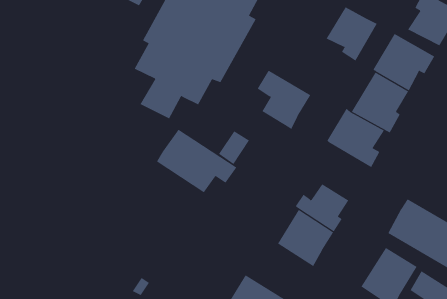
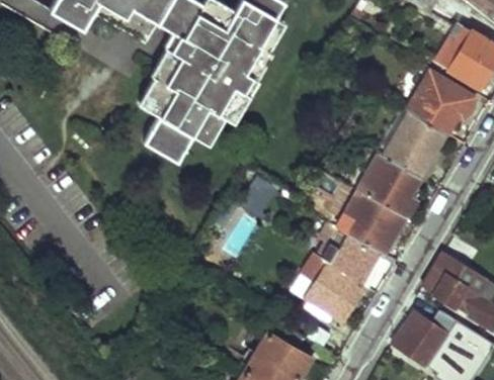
building: [326,7,377,61] -> none
building: [257,70,311,130] -> [345,188,404,253]
building: [156,129,237,193] -> none

